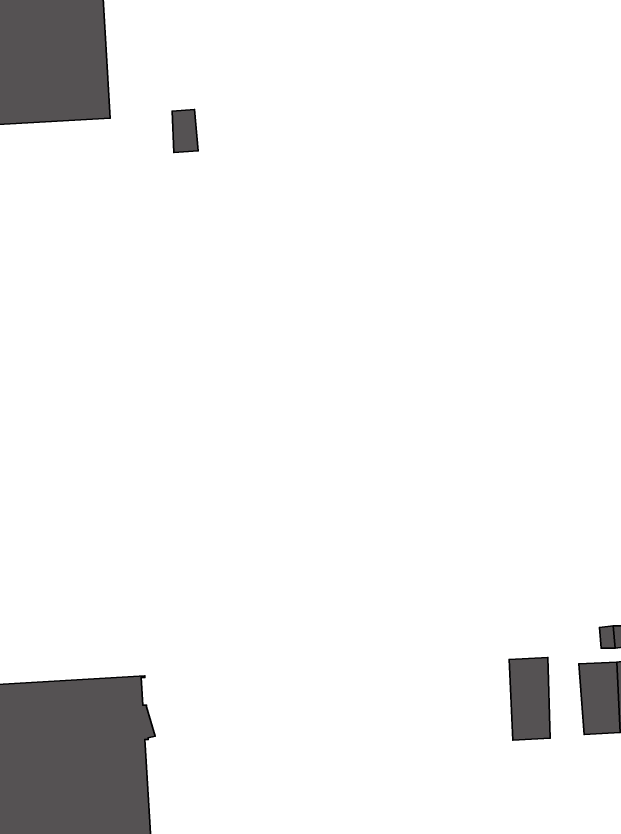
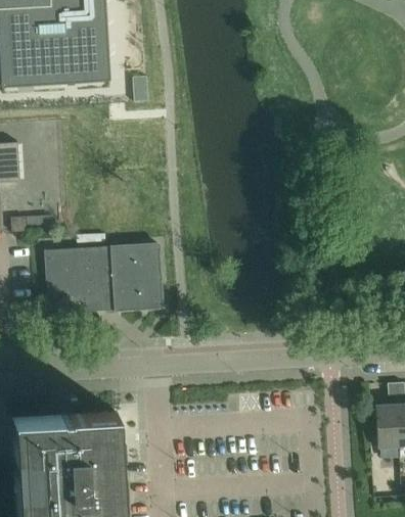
building: none -> [48,244,167,315]
building: [509,658,550,740] -> none

